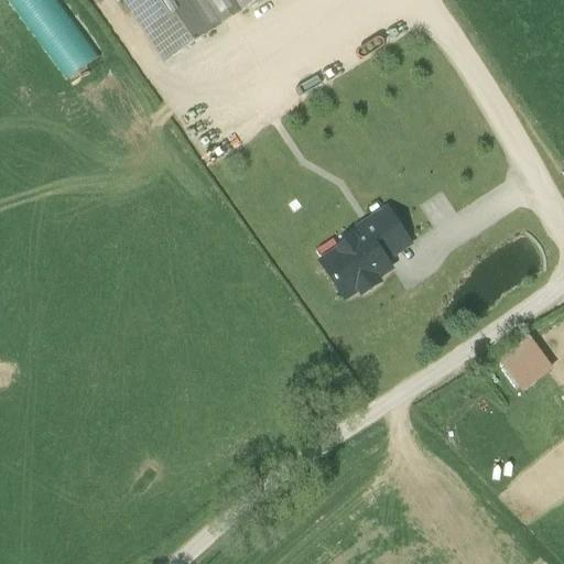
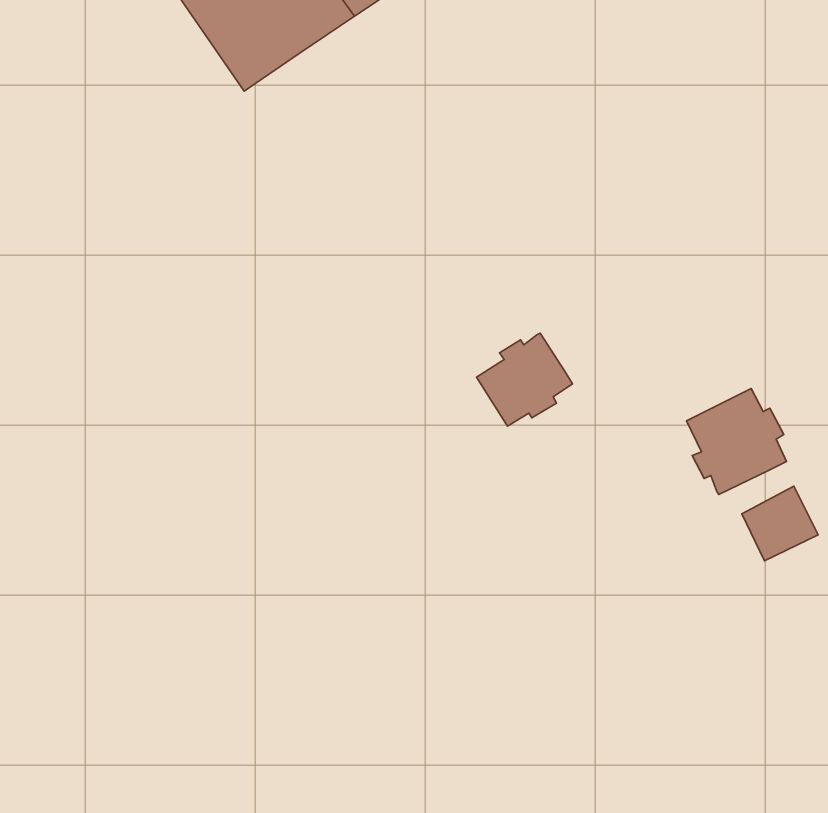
building: [358,200,408,251] -> none
building: none -> [686,388,786,495]

